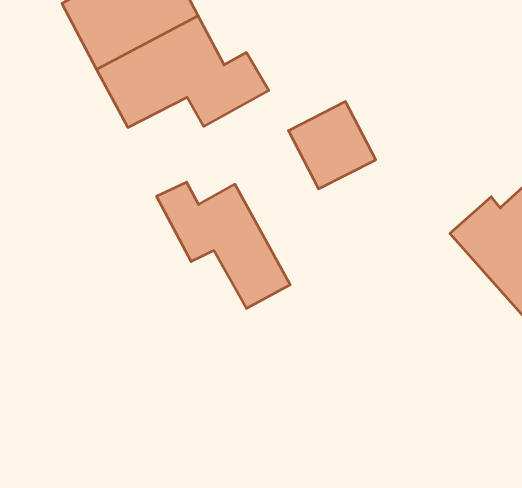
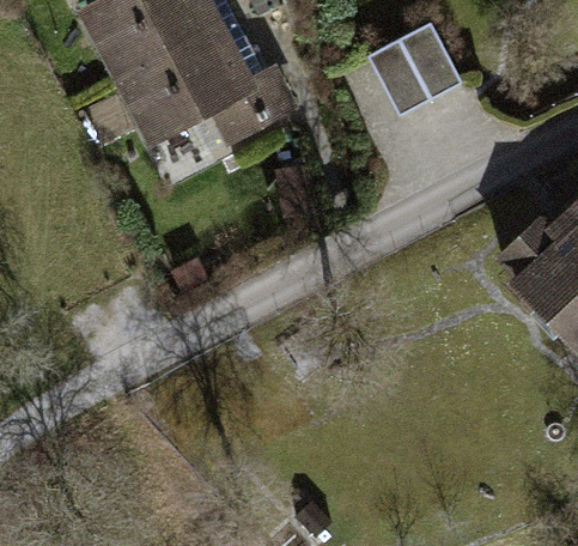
building: [288,102,376,189] -> [370,19,463,113]
building: [157,182,290,308] -> none

